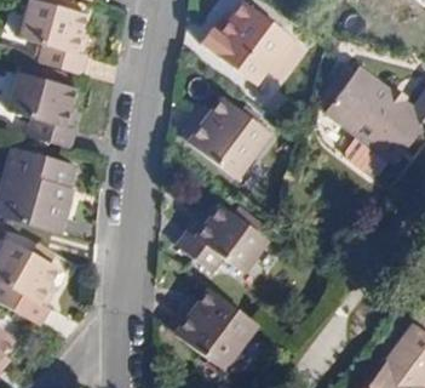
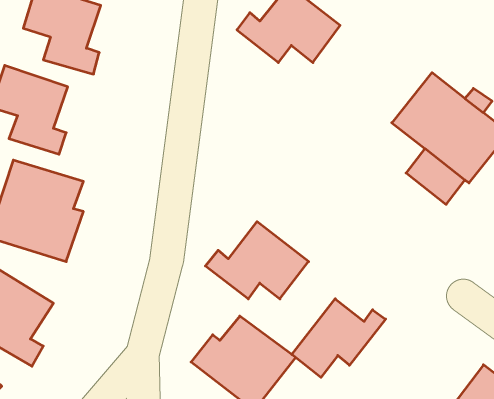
building: [185,96,274,176] -> none
building: none -> [292,299,386,377]

